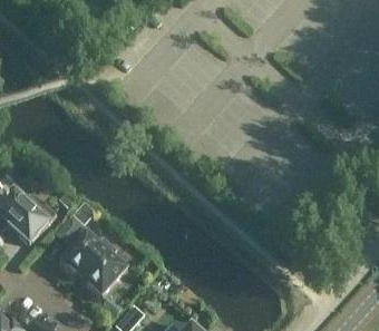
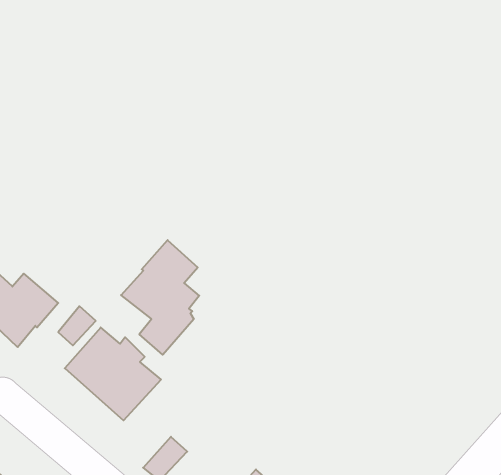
building: none -> [121,240,199,355]

